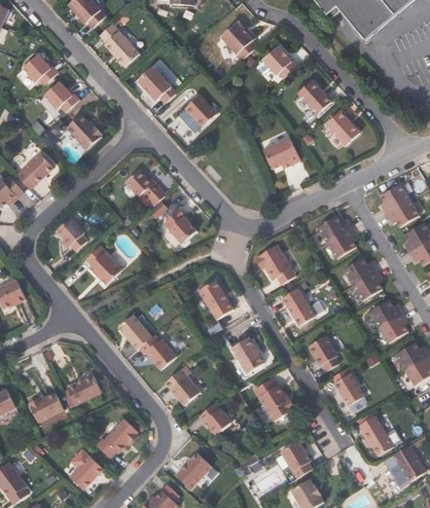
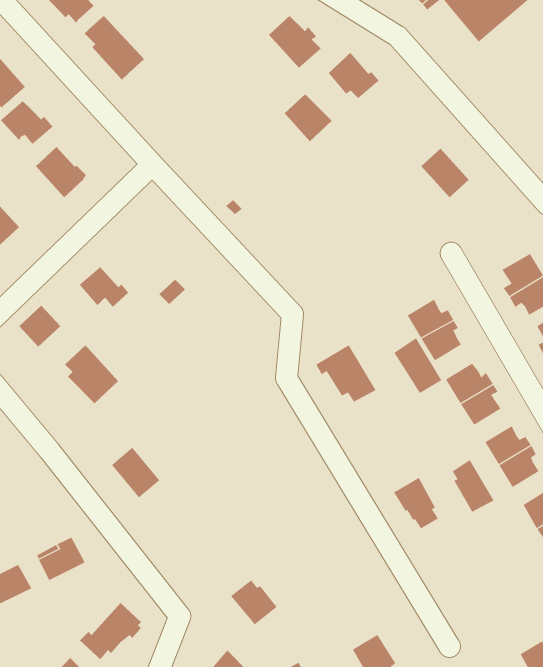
building: [140,67,177,103] -> none
building: [297,80,330,115] -> none
building: [184,95,217,128] -> [284,93,333,142]
building: [263,138,299,169] -> none
building: [124,169,158,196] -> [79,267,129,308]
building: [164,207,196,242] -> none
building: [199,279,226,310] -> none
building: [279,284,312,322] -> [394,338,442,394]
building: [138,333,176,368] -> none
building: [230,336,263,372] -> none
building: [164,365,200,404] -> none
building: [333,367,362,403] -> [452,459,495,513]
building: [256,382,297,426] -> none
building: [359,414,394,455] -> none

